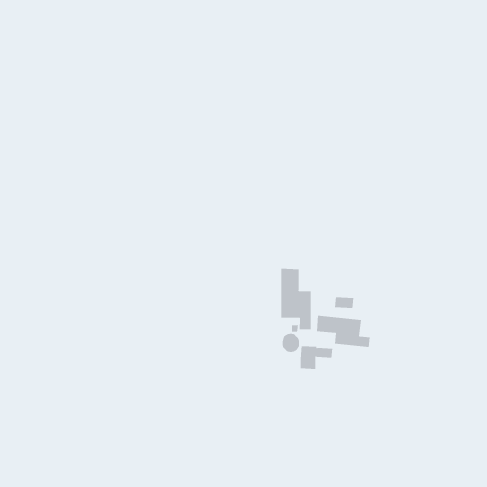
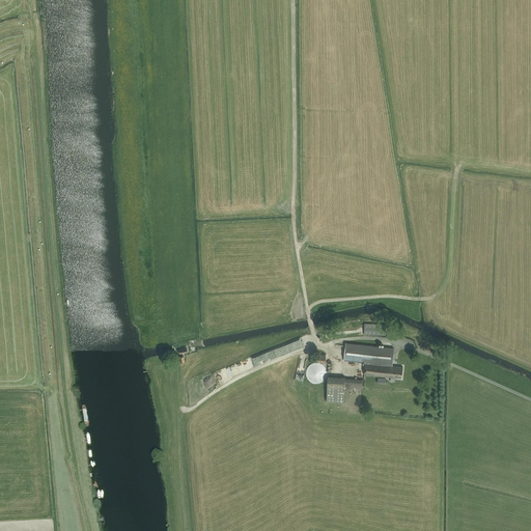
building: [281,268,311,330] -> none

